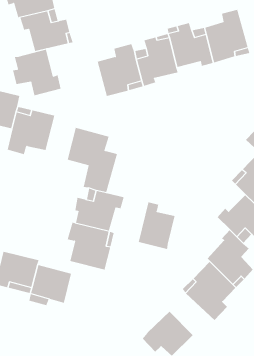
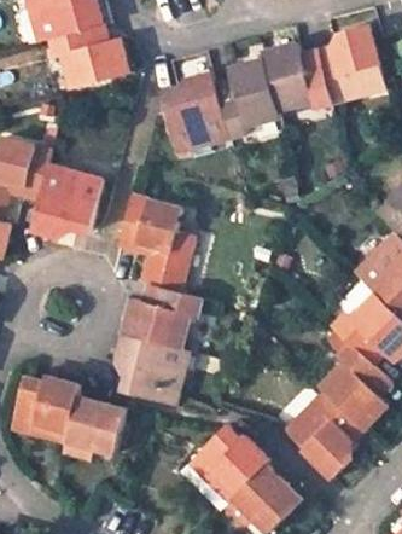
building: [13,49,61,96] -> none
building: [138,202,175,250] -> none
building: none -> [182,425,266,509]

